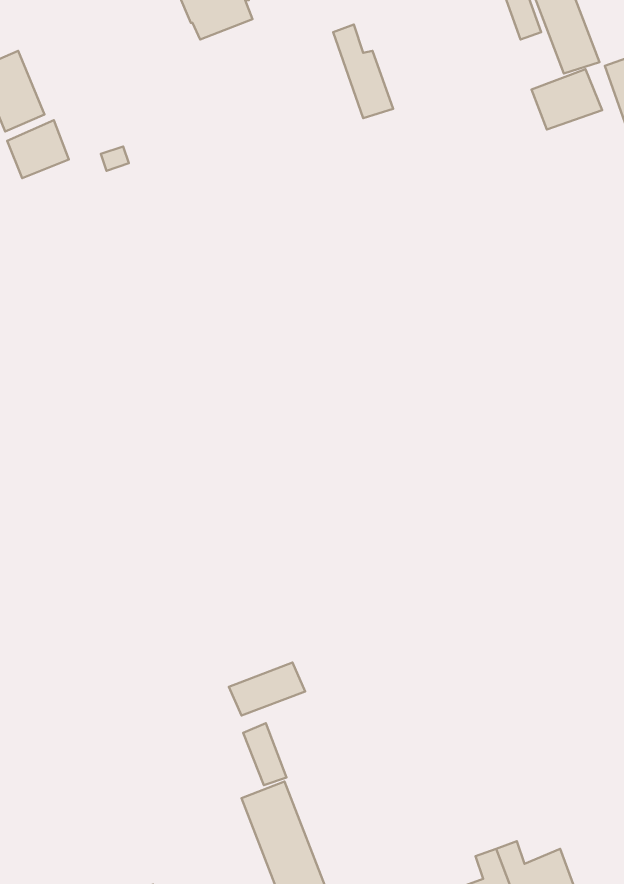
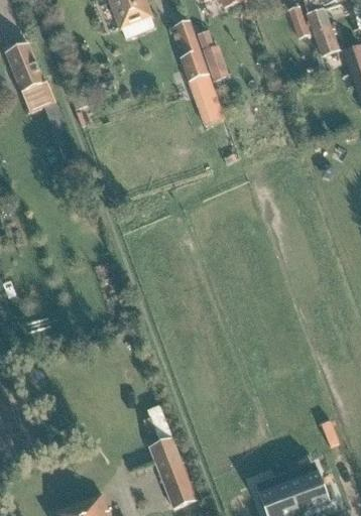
building: none -> [174,20,220,115]
building: [532,69,602,129] -> none
building: [229,663,305,716] -> none

